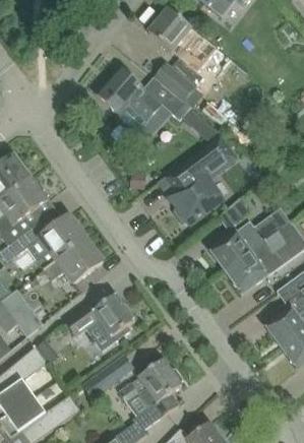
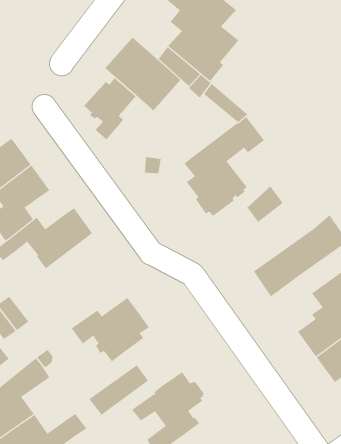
building: none -> [84,77,137,140]
building: [208,206,292,271] -> none
building: [44,238,103,282] -> none

